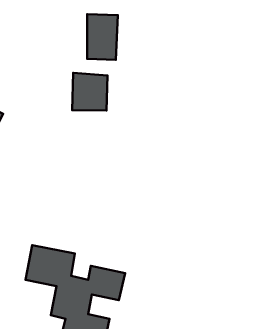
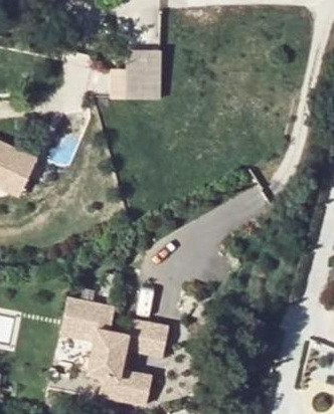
building: [72,73,107,111] -> none

